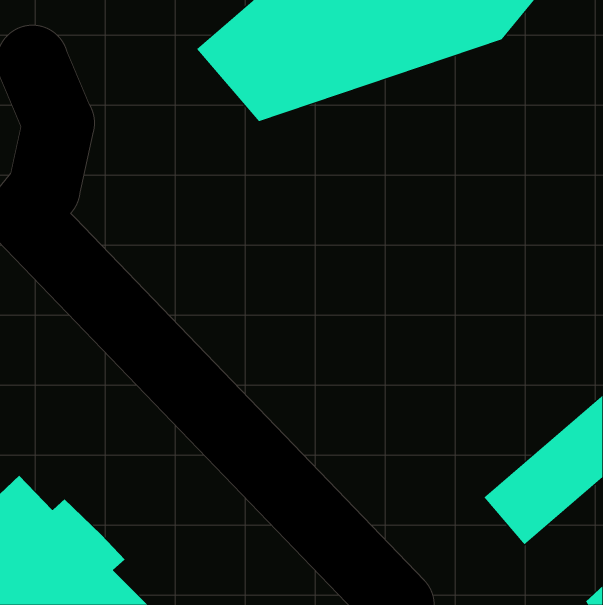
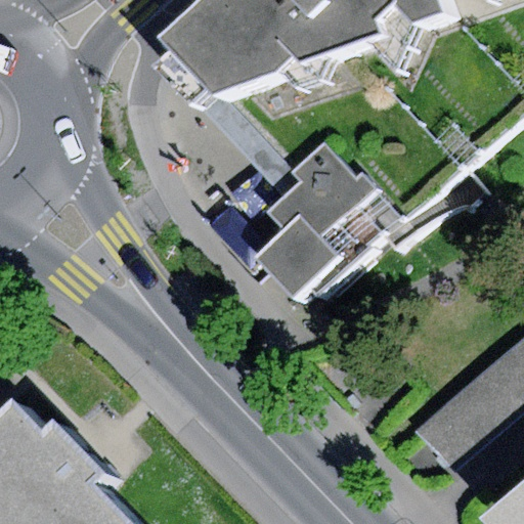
building: none -> [271,151,404,309]

